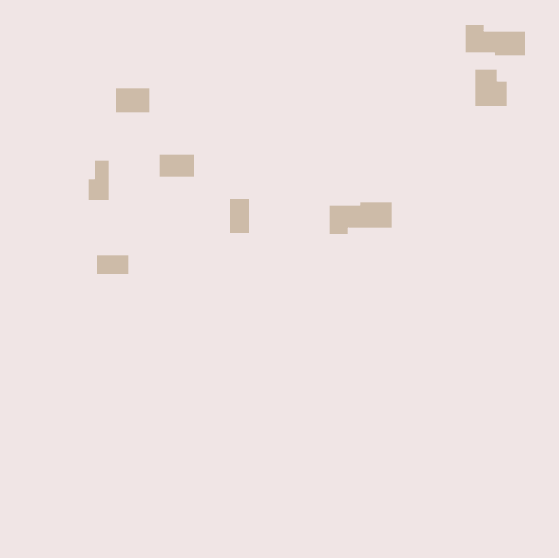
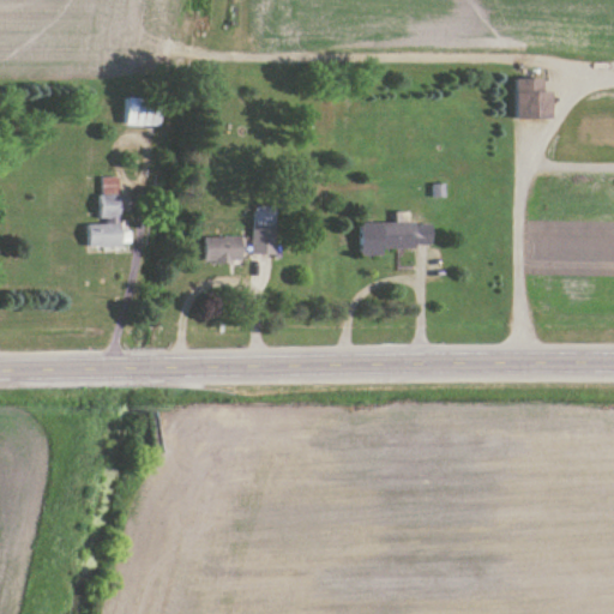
building: [465,24,526,56] -> none
building: [159,154,195,177] -> [203,239,242,264]
building: [96,255,129,274] -> [85,225,121,247]

